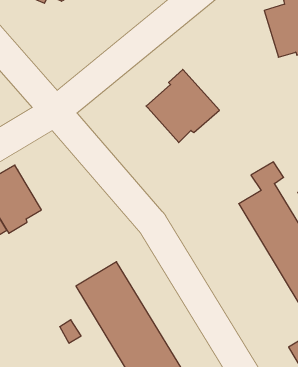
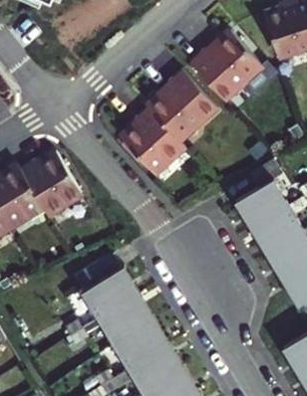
building: none -> [191,28,282,116]
building: none -> [119,108,186,175]
building: none -> [20,151,81,218]

